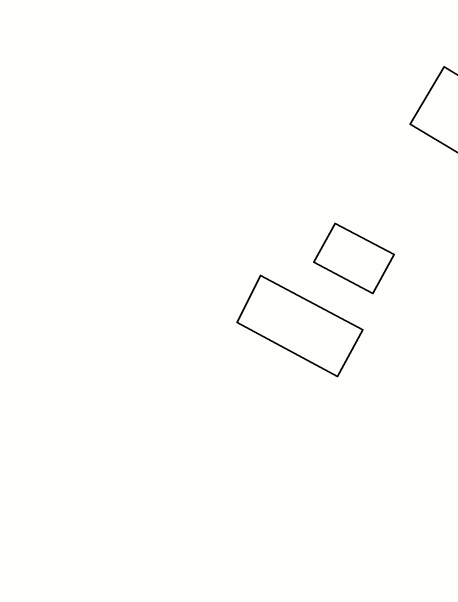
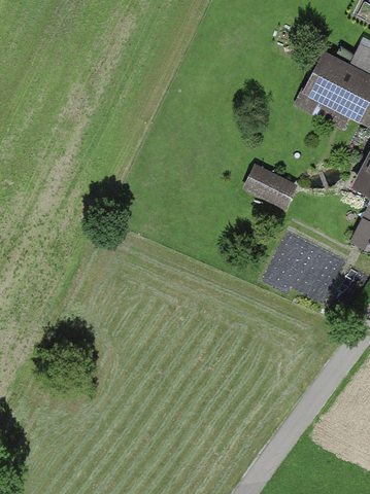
building: [237,276,363,376] -> none

